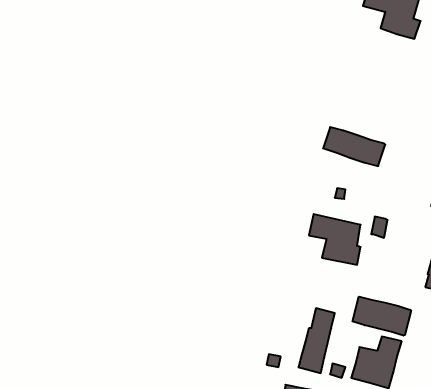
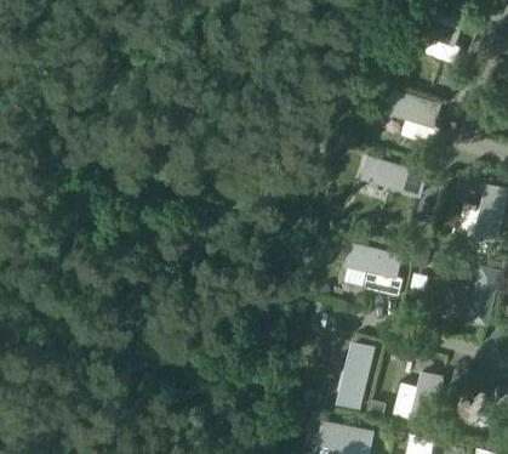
building: none -> [387,91,440,147]
building: [353,297,411,336] -> none

